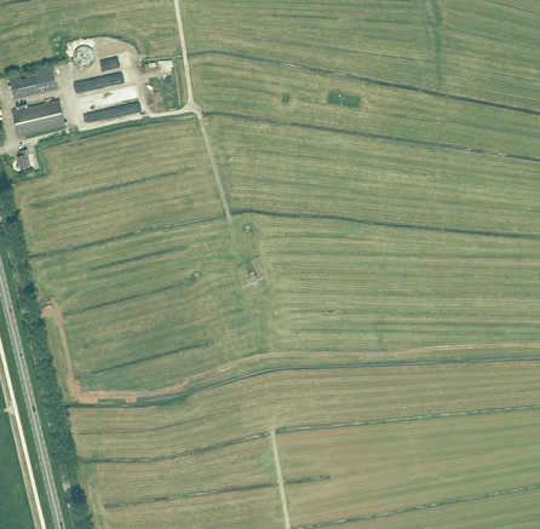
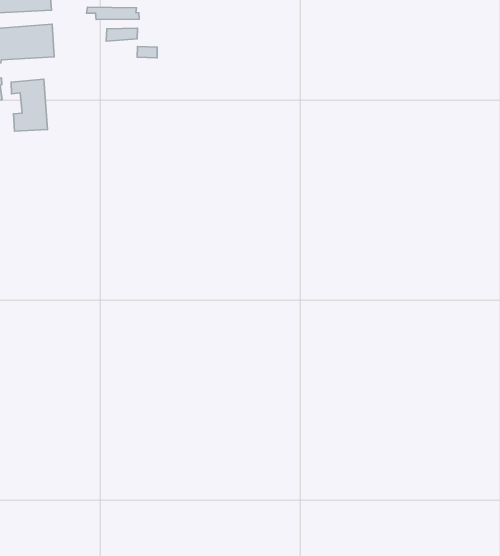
building: none -> [11,79,48,131]

